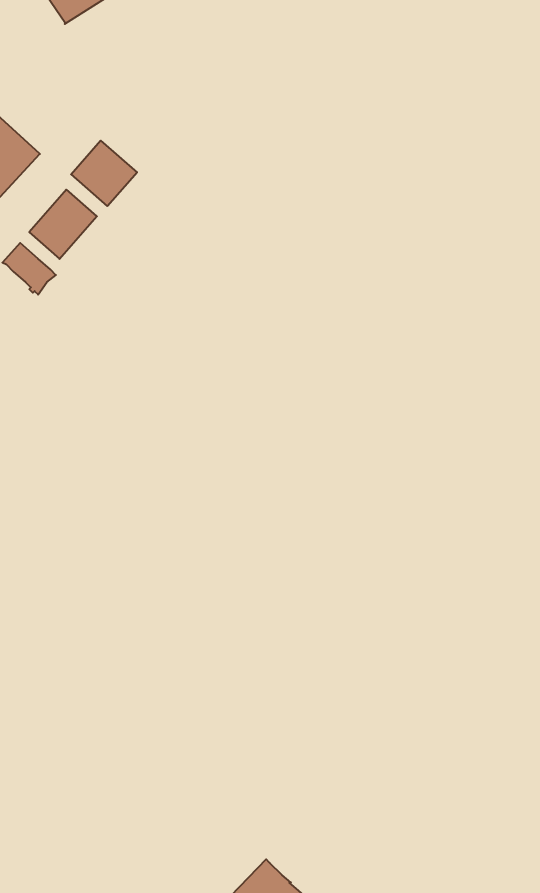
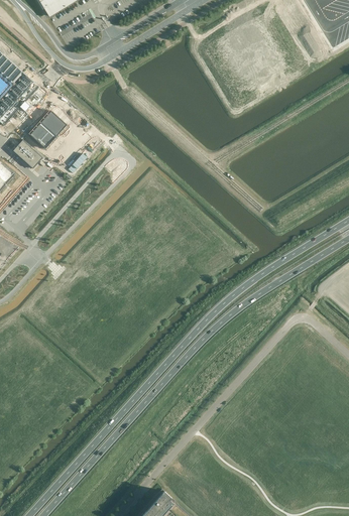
building: [71,141,137,206] -> none

